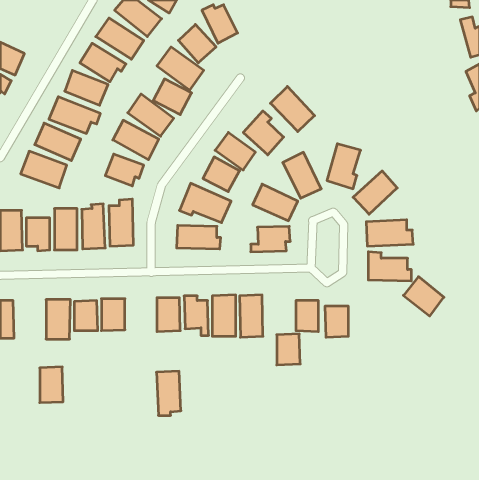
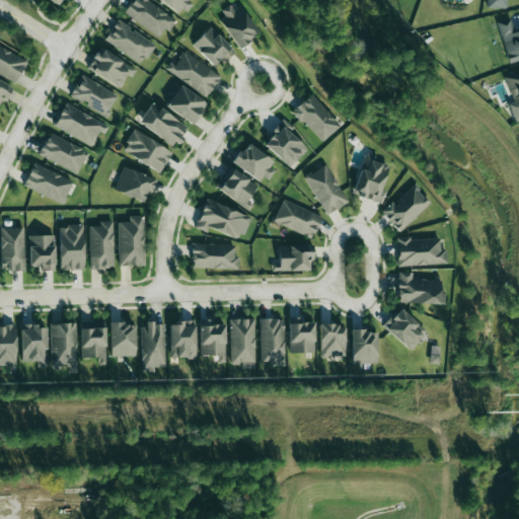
building: [403,277,444,316] -> [383,307,427,350]
building: [277,334,300,365] -> [290,319,315,353]
building: [40,367,63,403] -> [21,324,47,363]
building: [156,371,181,415] -> [140,323,166,371]

